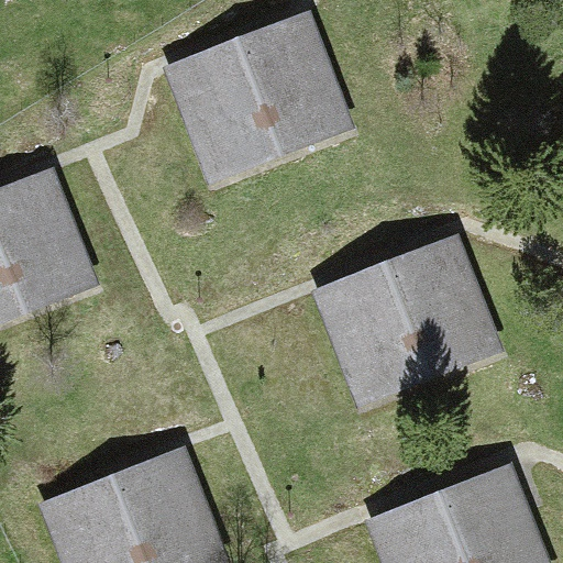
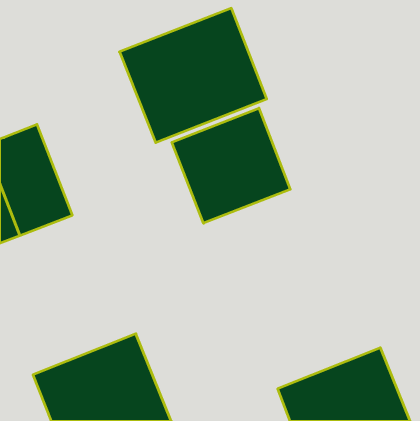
building: none -> [172,108,290,223]
building: [309,233,506,413] -> none

